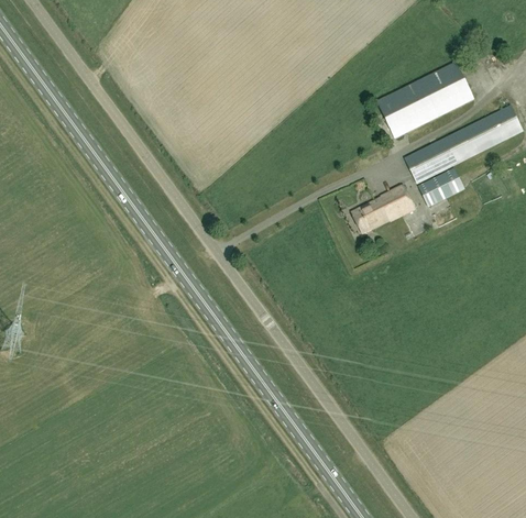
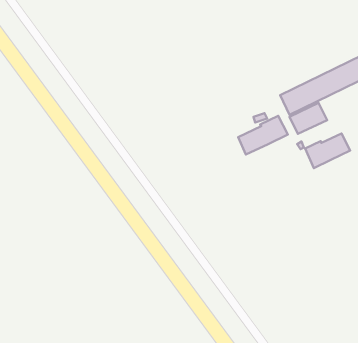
building: [376,62,473,137] -> none
building: none -> [305,133,350,168]

